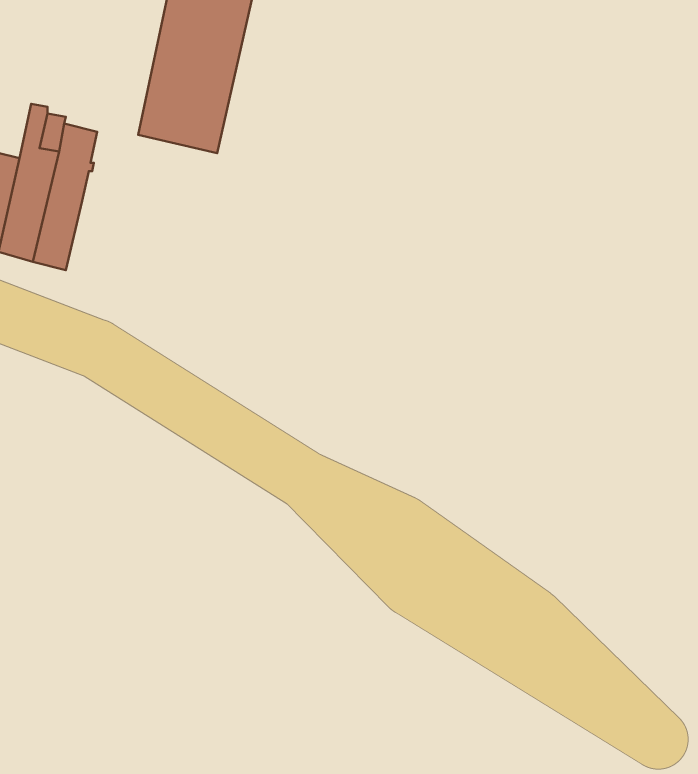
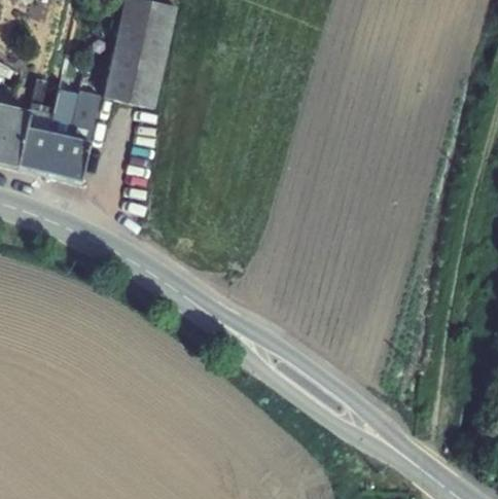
building: none -> [60,90,101,184]

